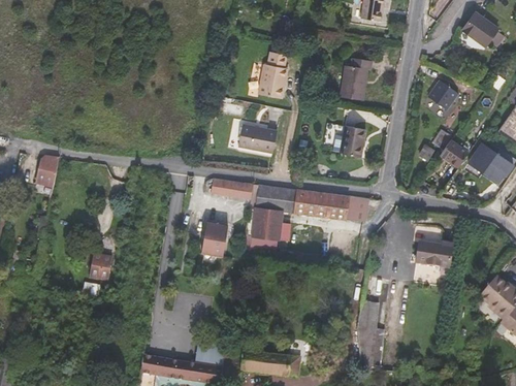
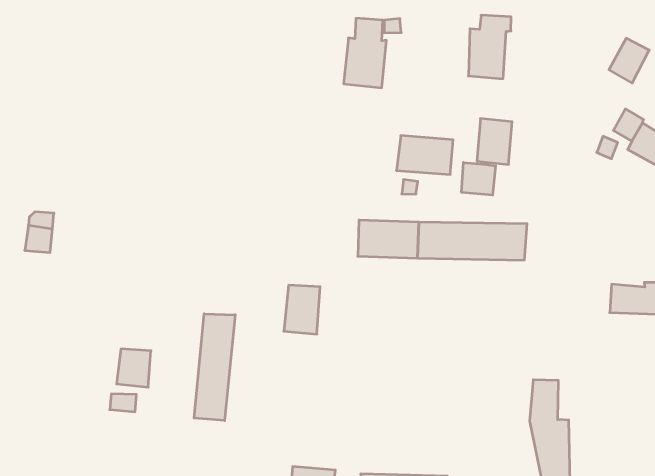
building: [237,124,277,153] -> [396,136,453,174]
building: none -> [462,162,496,195]
building: [212,179,253,198] -> none
building: [250,208,281,242] -> none
building: none -> [194,314,235,421]

